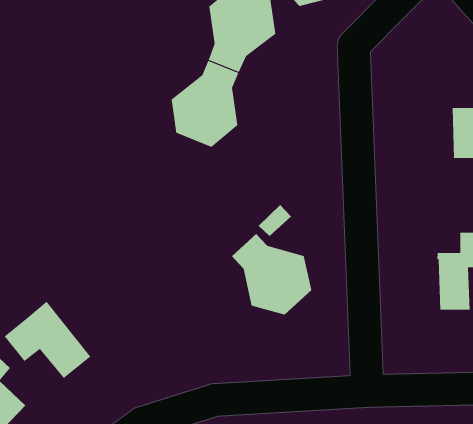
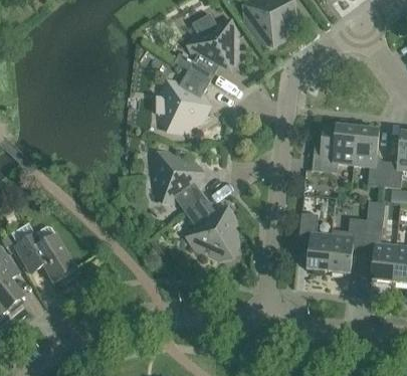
building: none -> [312,125,357,172]
building: none -> [150,149,205,210]
building: none -> [298,211,332,269]

